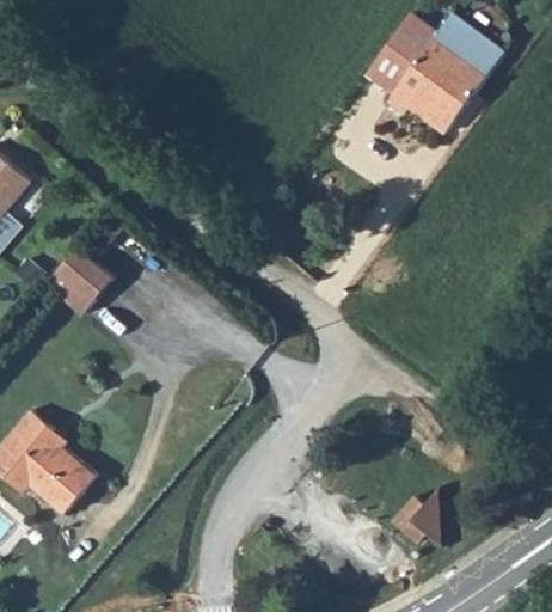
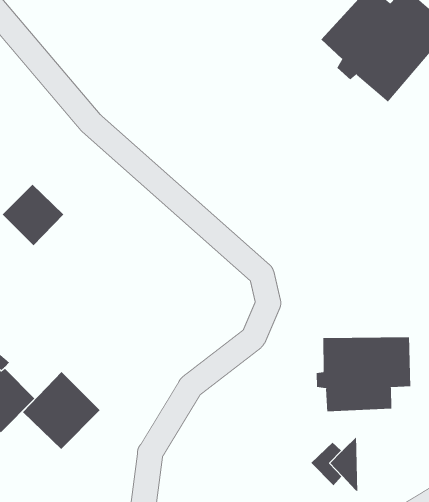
building: none -> [316,337,411,412]
building: none -> [22,371,101,450]

